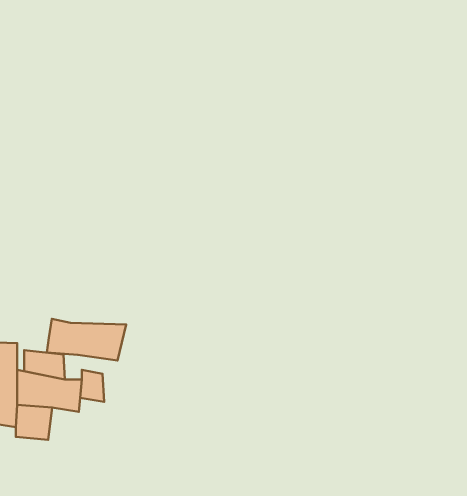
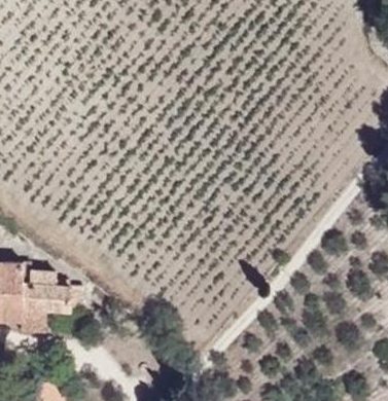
building: [47,319,126,361] -> none

